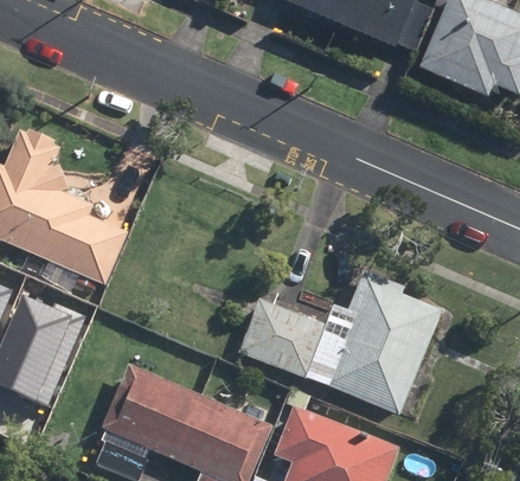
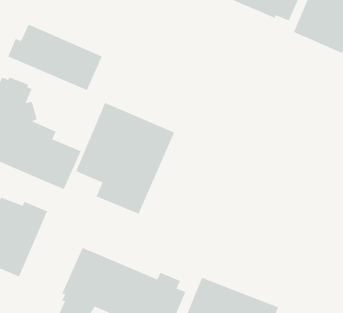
building: none -> [8,24,102,91]
building: none -> [76,102,175,215]
building: [239,268,443,416] -> none

